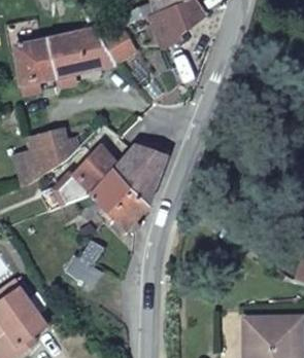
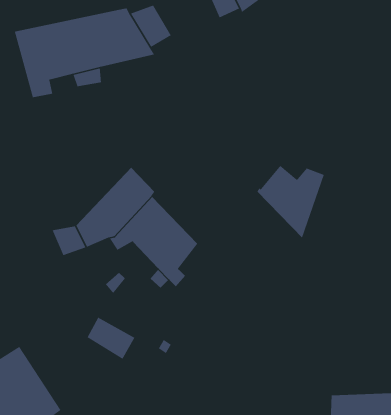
building: [30,133,68,178] -> none
building: [113,148,164,203] -> [256,165,325,239]

